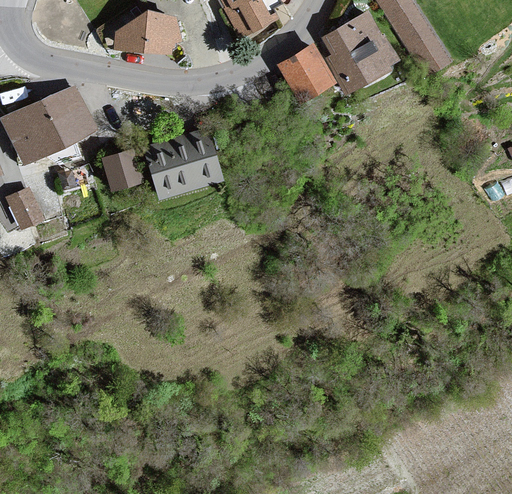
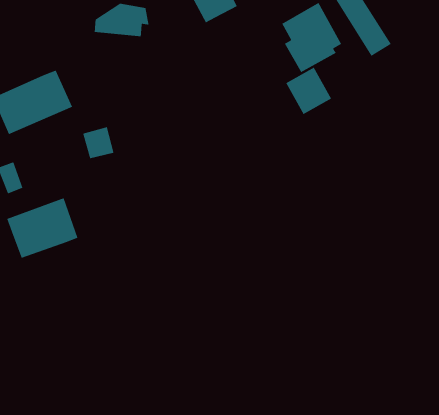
building: [279,46,331,100] -> [285,67,332,115]
building: [145,131,219,196] -> none
building: none -> [6,197,78,259]

